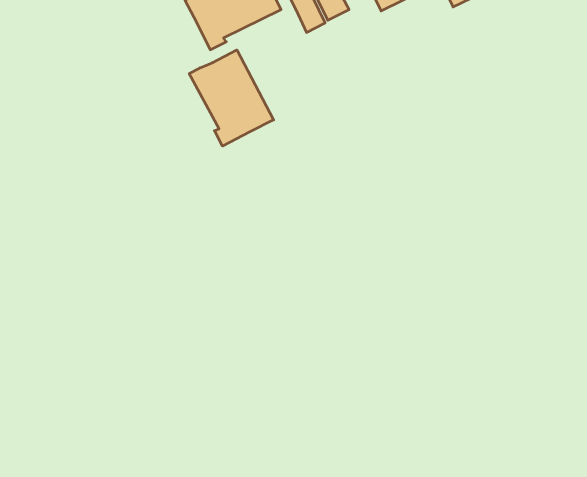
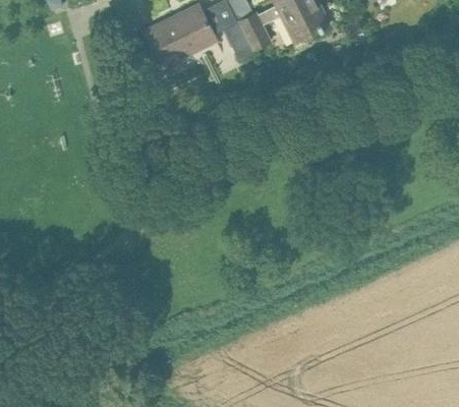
building: [189,50,274,146] -> none

